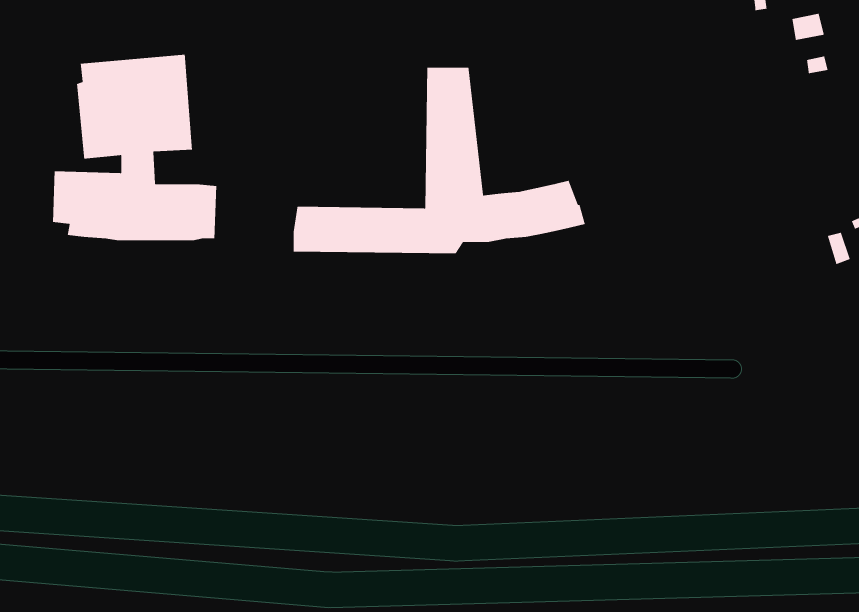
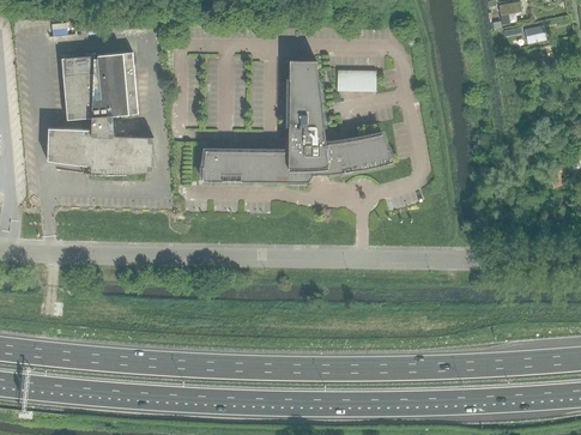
building: none -> [338,70,377,91]

